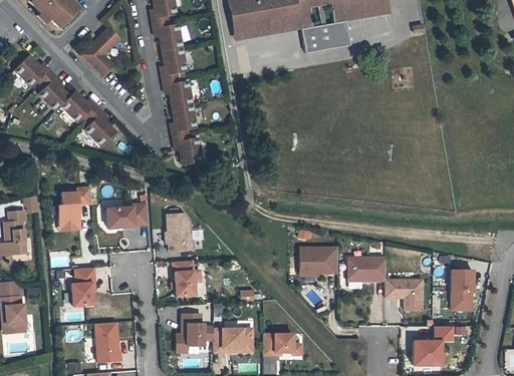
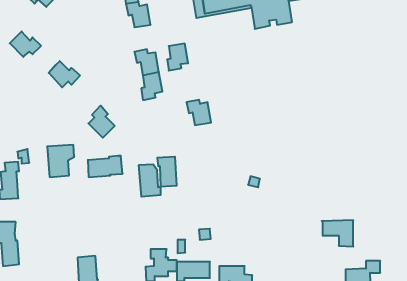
building: [82,28,119,76] -> none
building: [161,48,186,80] -> [167,44,188,71]
building: [39,73,69,110] -> none
building: [84,108,115,146] -> [88,106,115,138]
building: [173,134,202,164] -> [186,100,211,125]
building: [300,248,337,276] -> none
building: [348,258,386,282] -> none
building: [172,261,195,296] -> [157,157,177,186]
building: [71,268,94,307] -> none
building: [451,270,473,311] -> none

